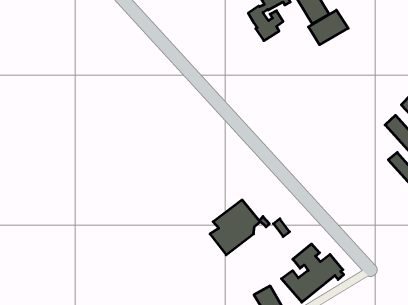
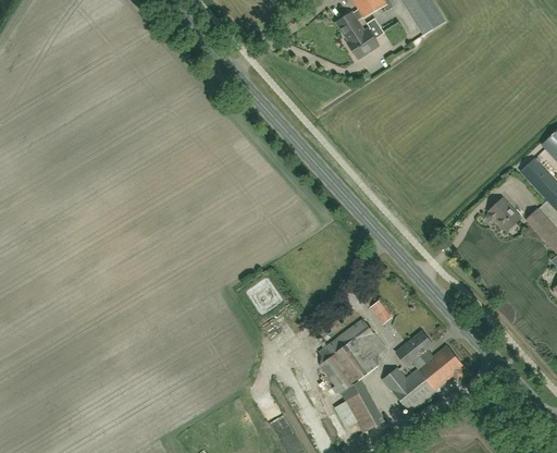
building: [308,10,348,45] -> none
building: none -> [486,197,519,229]
building: [210,200,260,255] -> [318,318,385,392]

